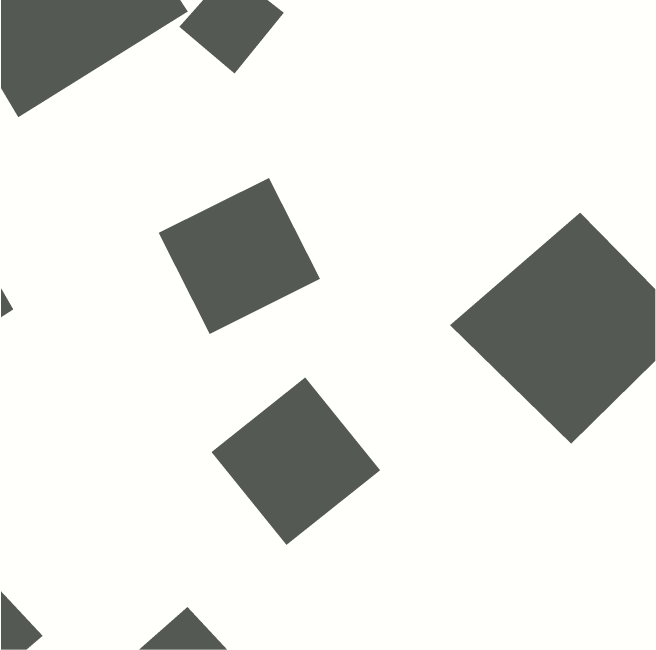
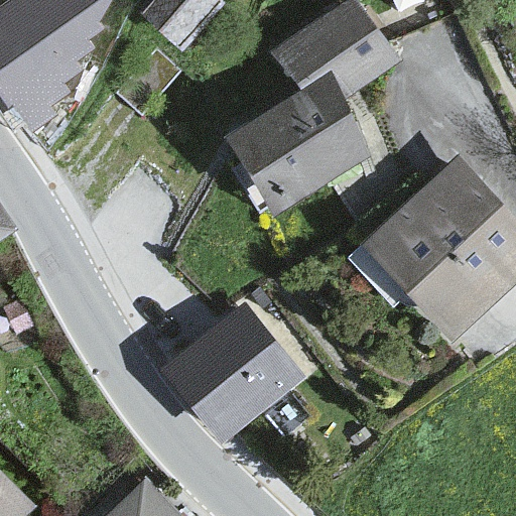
building: none -> [222,4,395,210]
building: [158,177,321,335] -> none

